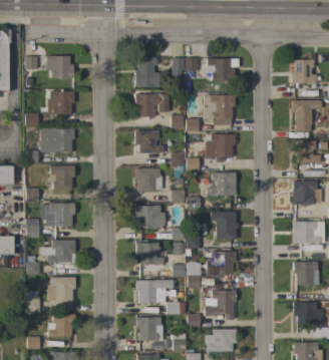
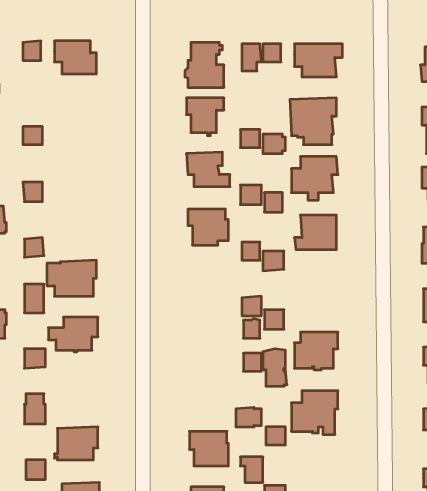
building: [48,91,74,115] -> none
building: [39,128,74,152] -> none
building: [50,165,74,190] -> none
building: [135,206,164,229] -> none
building: [211,212,238,240] -> none
building: [135,242,168,264] -> none
building: [49,277,75,306] -> none
building: [136,280,174,304] -> none
building: [205,329,237,351] -> none

